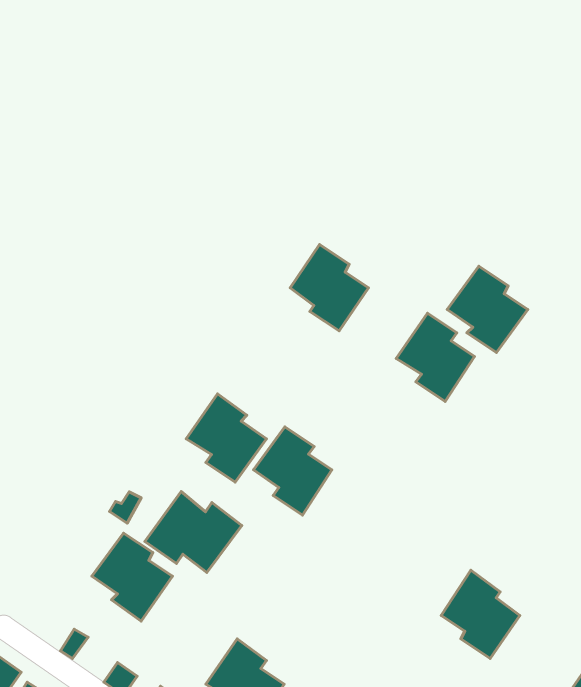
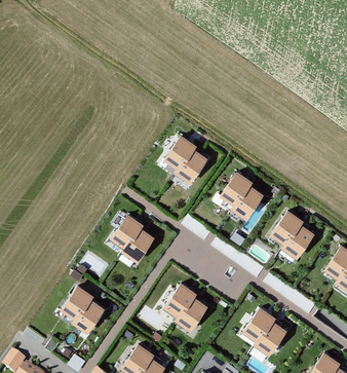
building: [447,266,528,353] -> [270,211,312,256]
building: [253,427,332,515] -> [164,283,205,329]
building: [145,492,242,572] -> none

